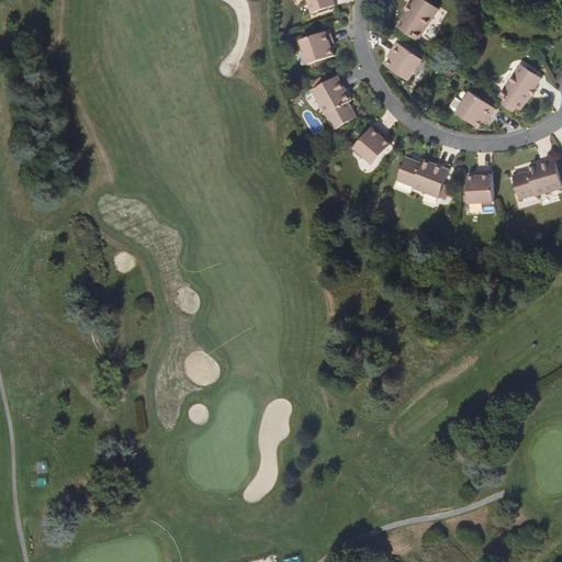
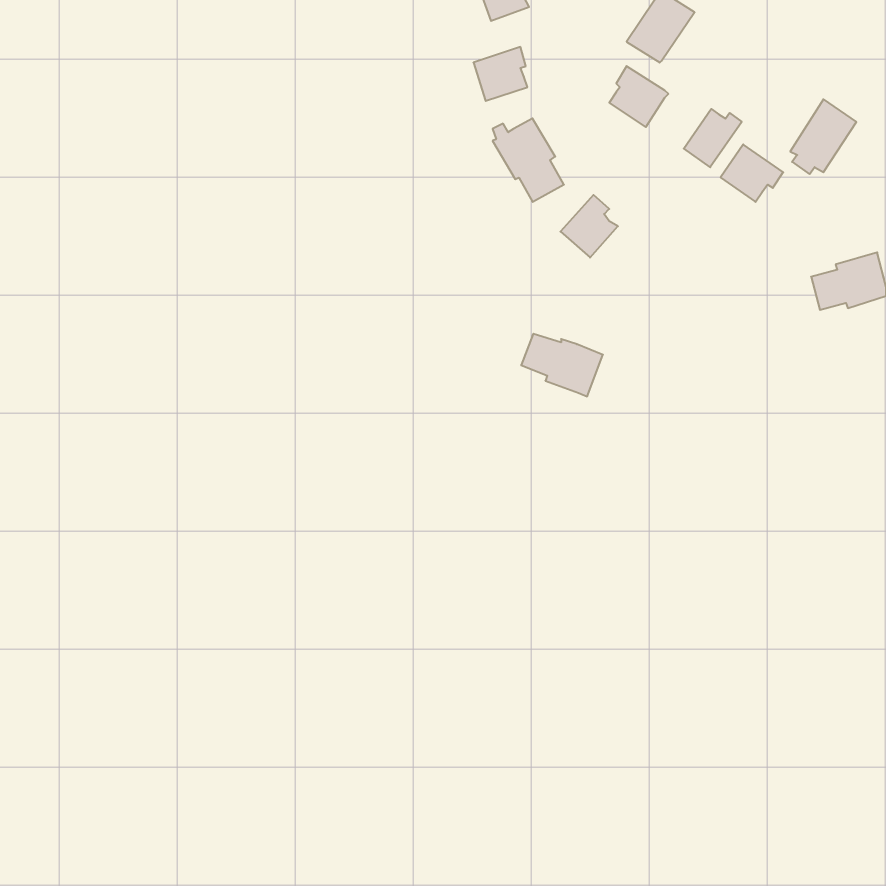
building: none -> [684,109,742,167]
building: [396,157,448,196] -> [521,334,603,396]
building: [467,170,493,203] -> none

